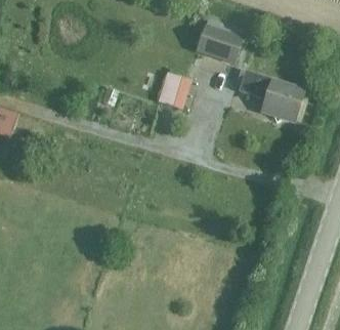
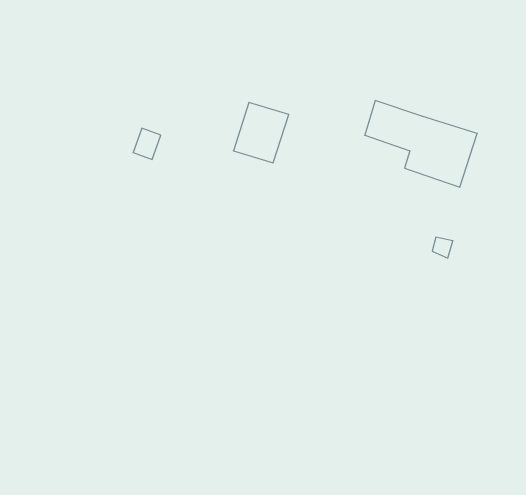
building: [197,27,241,63] -> none

